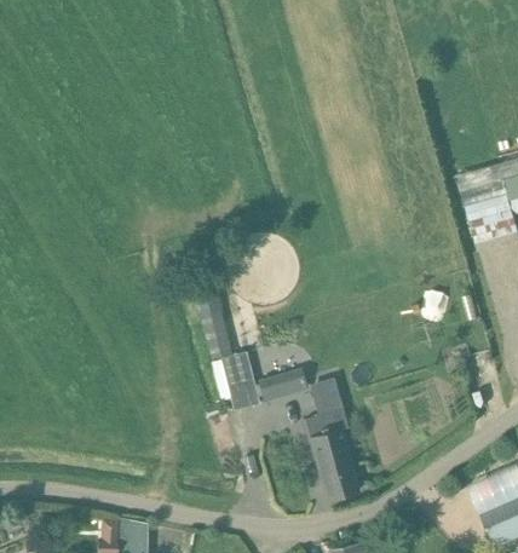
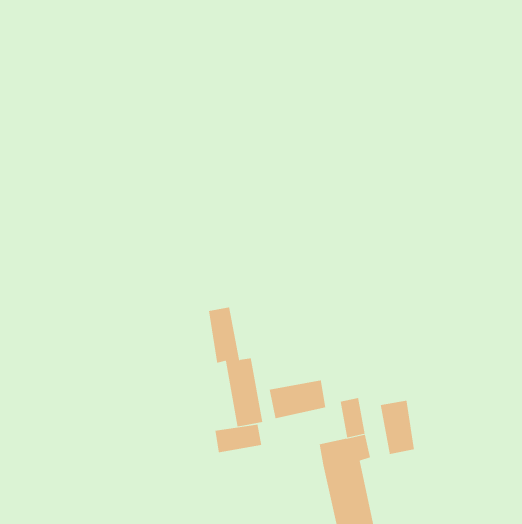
building: none -> [380,400,415,455]
building: none -> [215,424,262,453]

